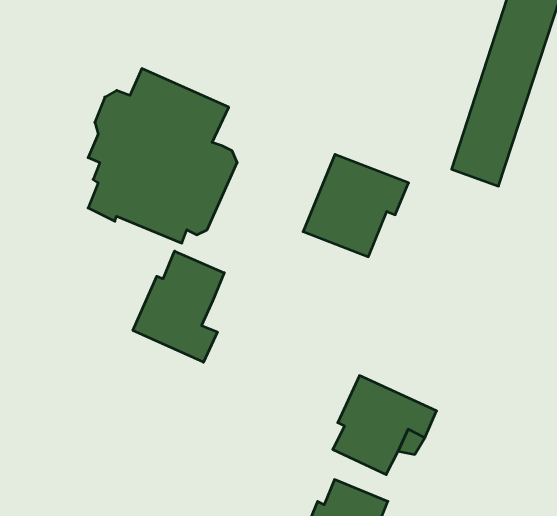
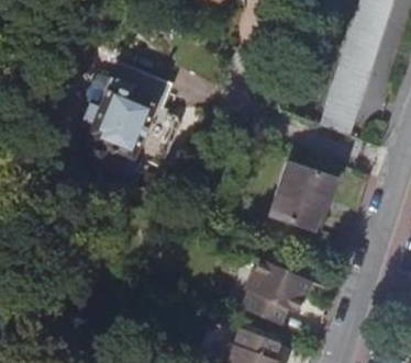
building: [303,154,409,257] -> [270,157,340,224]
building: [133,251,224,362] -> none

